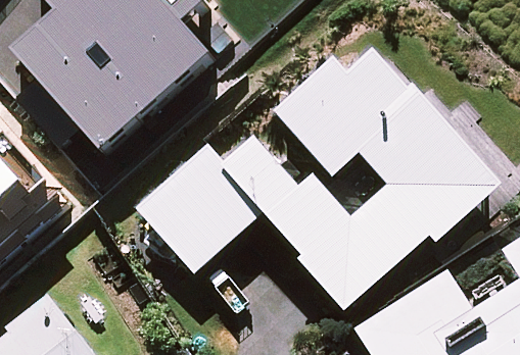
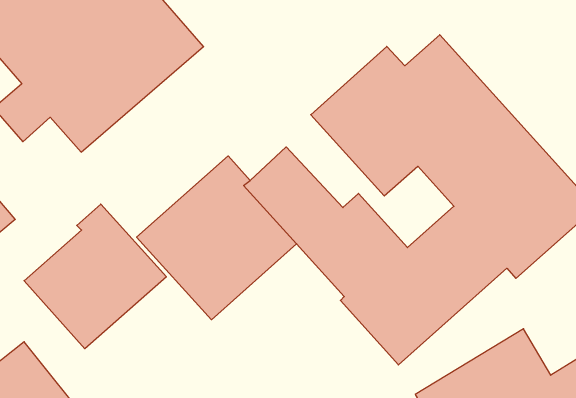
building: none -> [24,204,166,349]

